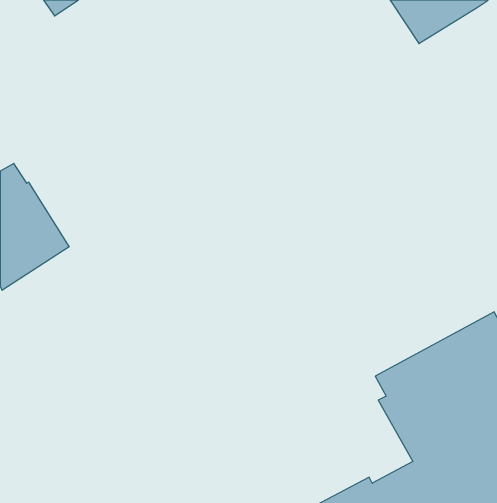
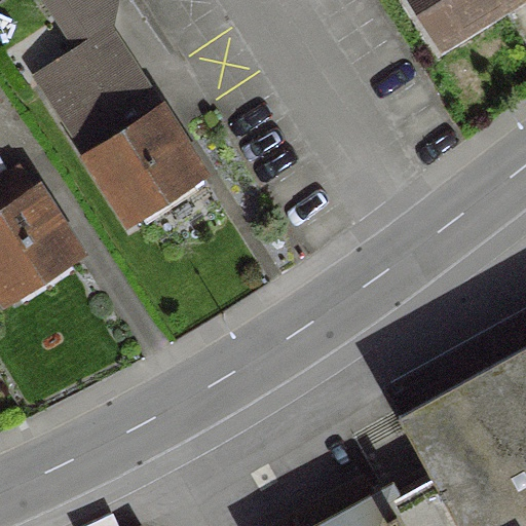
building: none -> [44,37,204,224]

